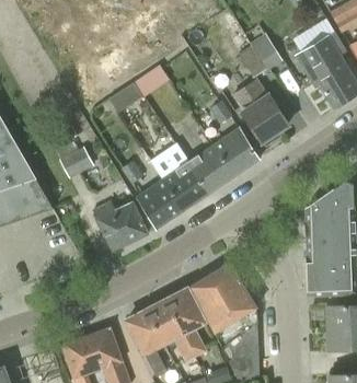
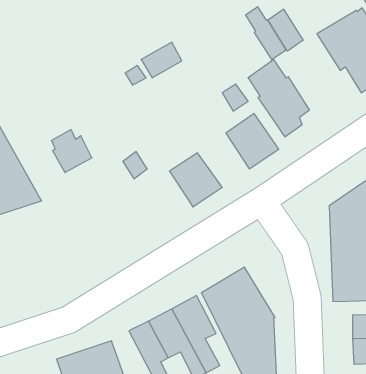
building: [187,143,233,192] -> none
building: [136,177,183,227] -> none
building: [93,200,148,249] -> none

